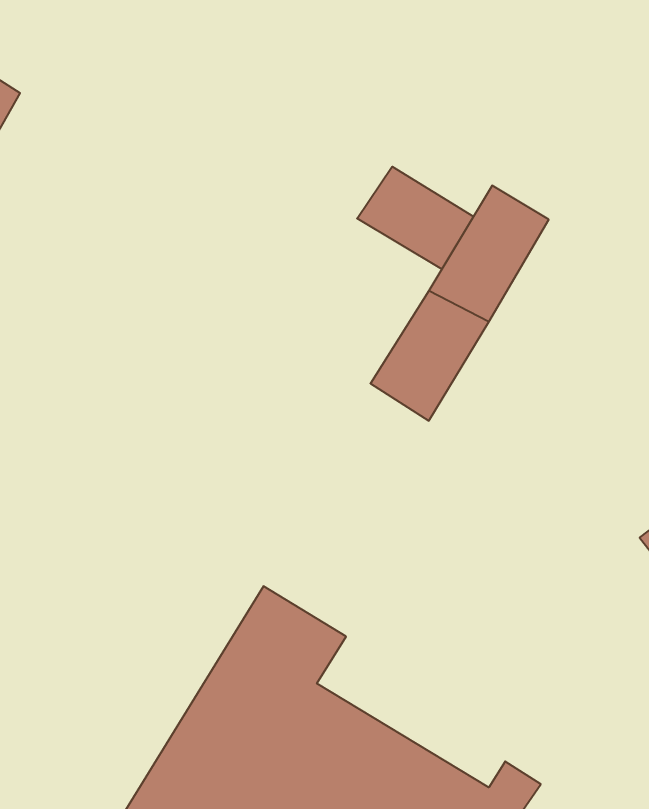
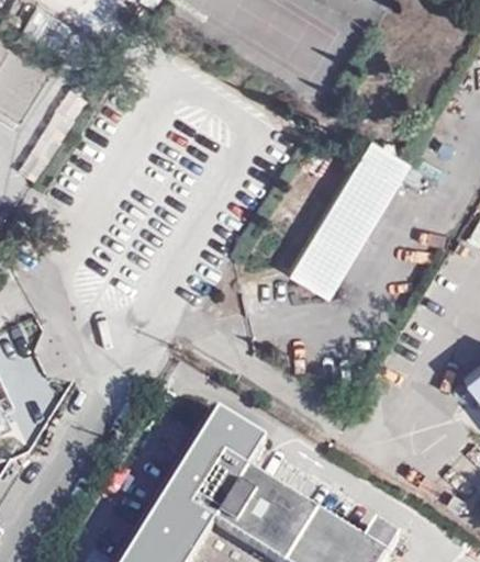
building: [357,167,473,269] -> none

